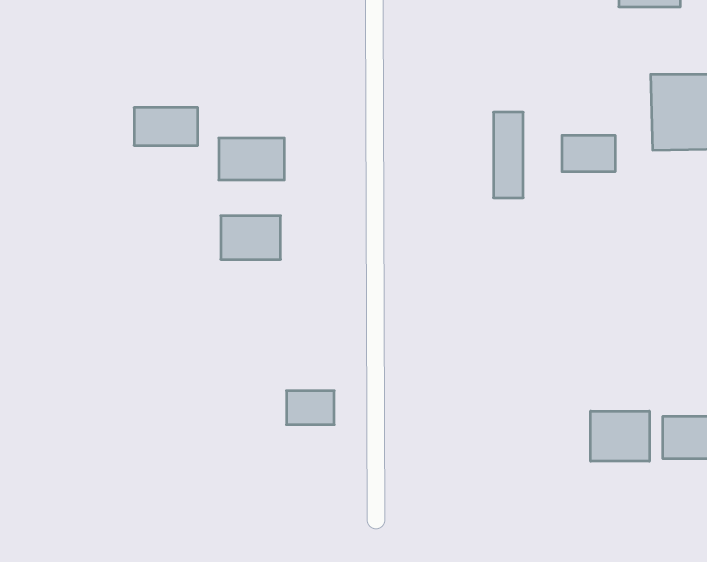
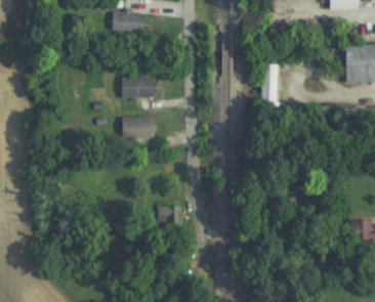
building: [134,108,198,145] -> [114,11,147,31]
building: [562,135,615,172] -> none
building: [591,411,649,461] -> none

